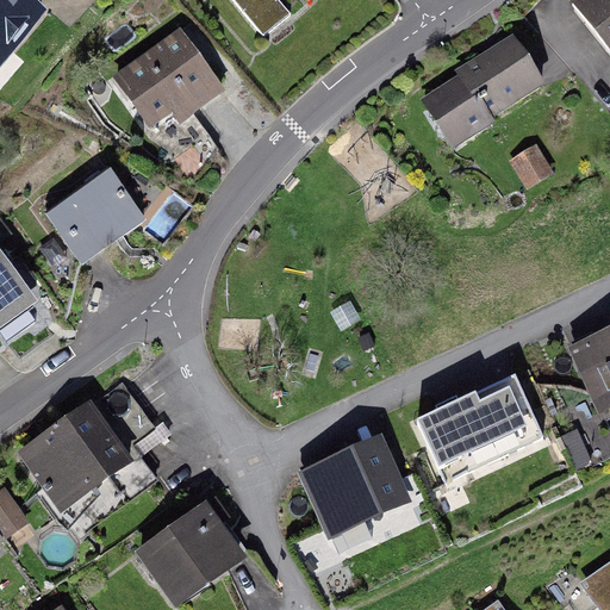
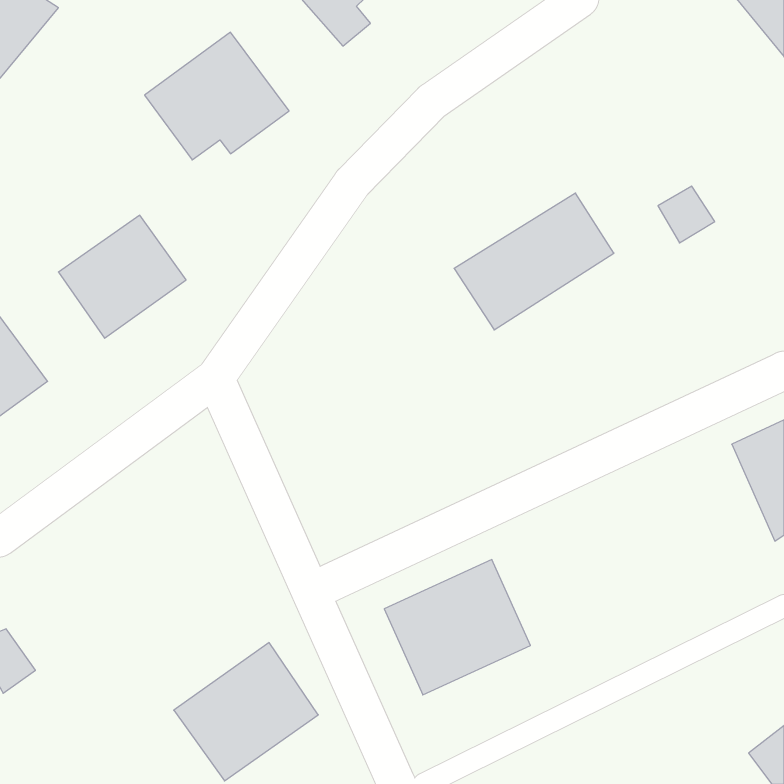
building: [422,39,546,145] -> [454,193,614,330]
building: [418,372,542,479] -> none
building: [18,399,133,510] -> none

